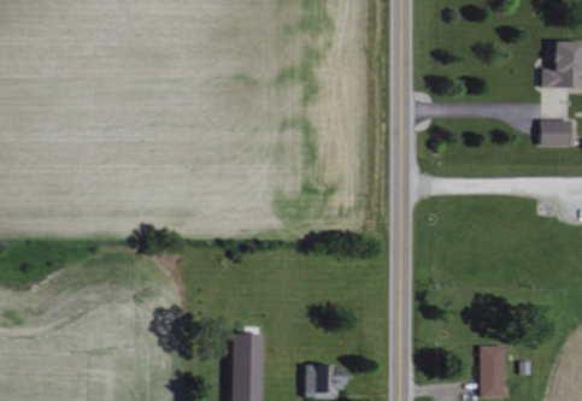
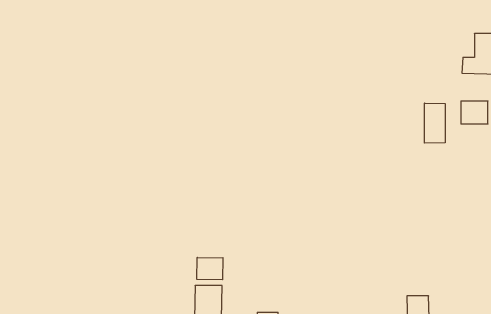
building: none -> [425,103,445,143]
building: none -> [197,257,223,280]

